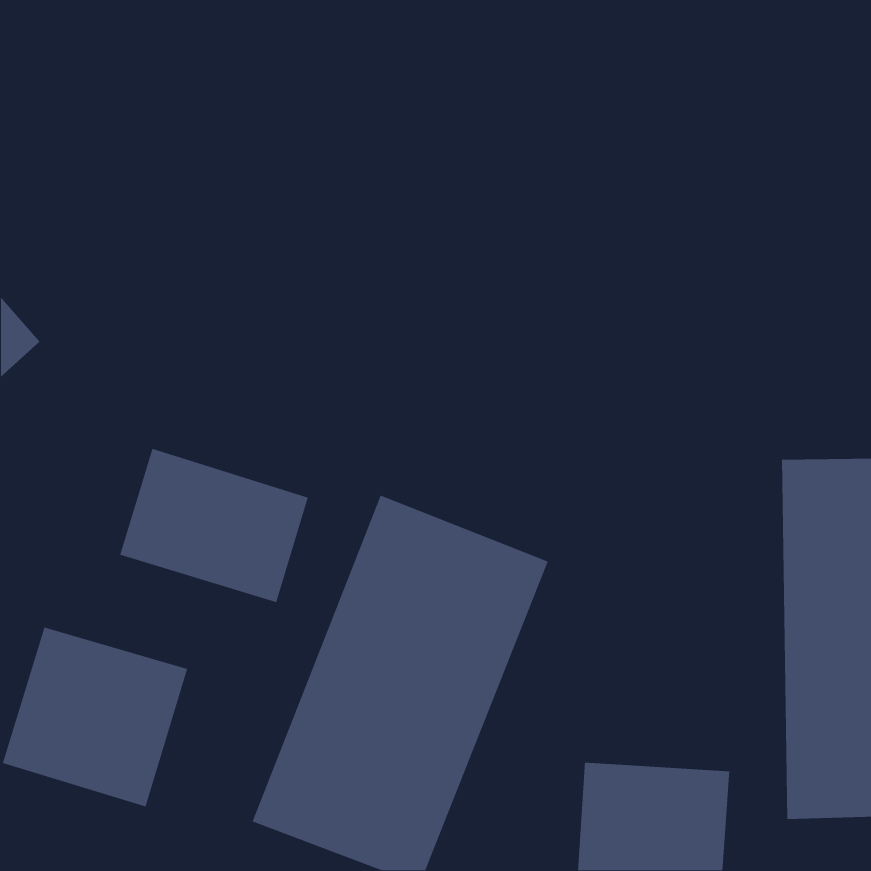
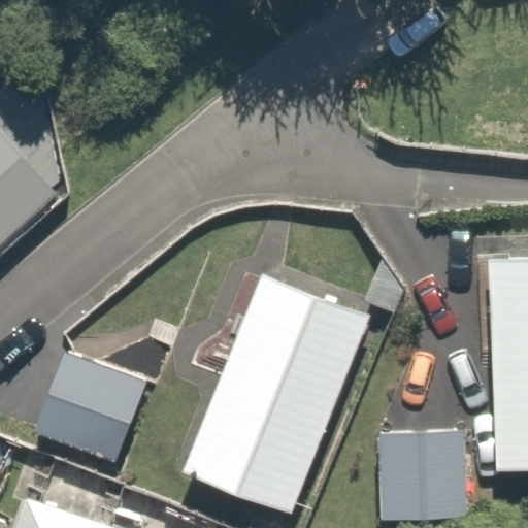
building: [119,448,309,603] -> none

